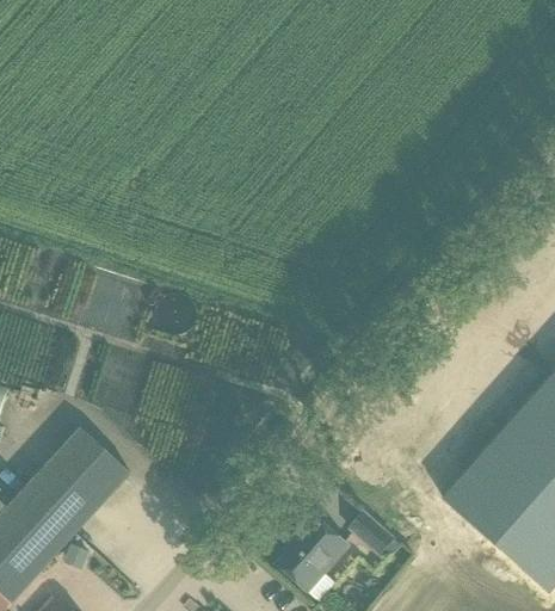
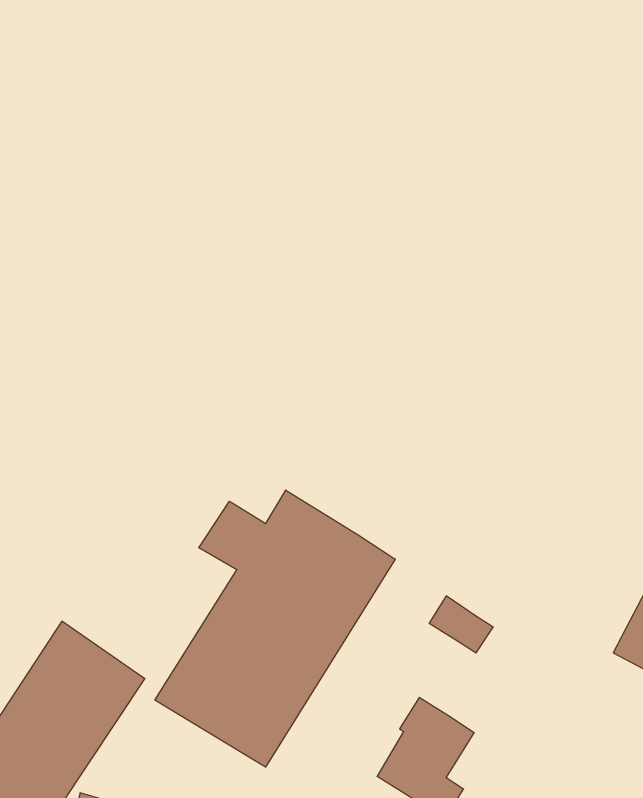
building: none -> [155,490,395,767]
building: [350,513,393,555] -> [429,596,493,653]

